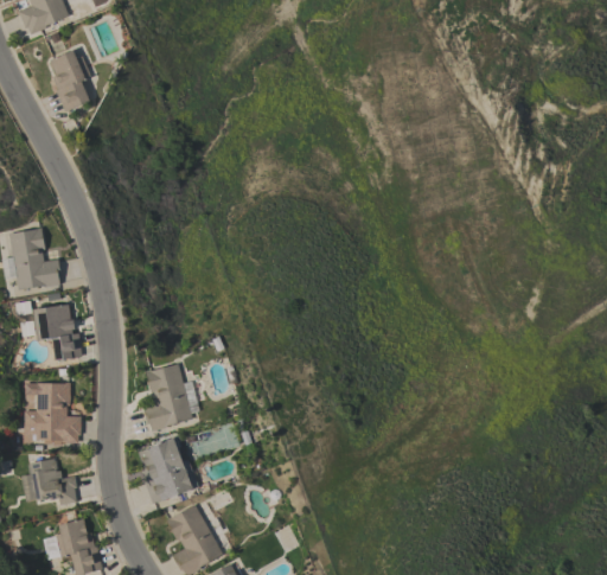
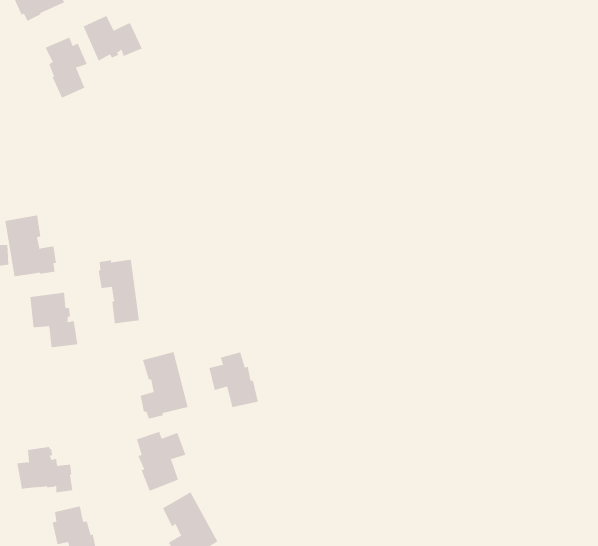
building: none -> [83,15,142,61]
building: none -> [98,259,139,324]
building: none -> [209,351,259,408]
building: [24,383,82,443] -> none

